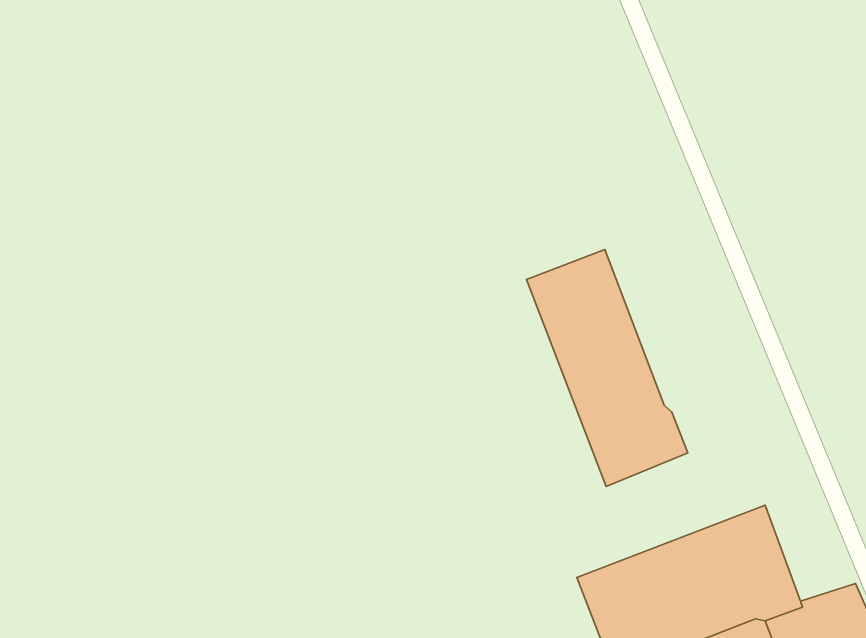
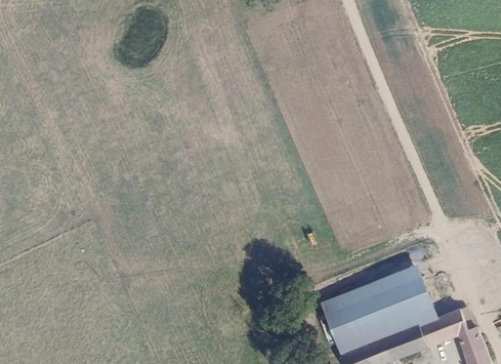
building: [526,249,688,486] -> none

